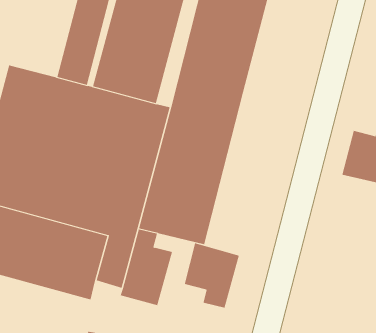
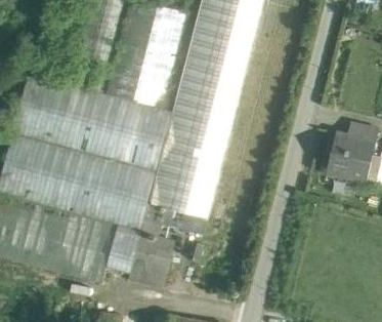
building: [184,243,239,309] -> none

